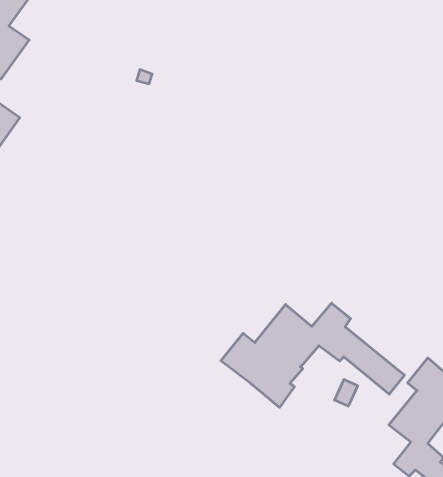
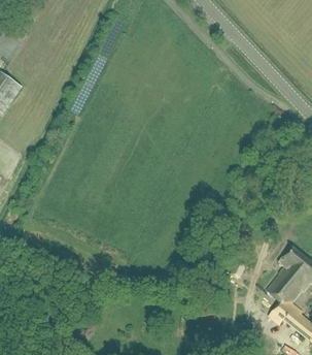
building: [221,303,404,407] -> none

